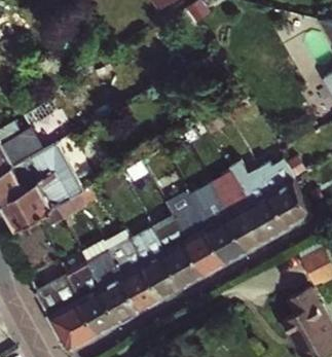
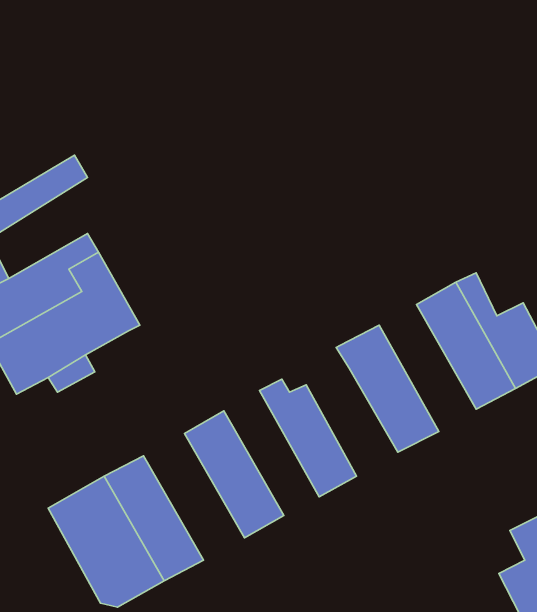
building: [216,182,269,252] -> none
building: [171,210,226,277] -> none
building: [131,229,183,298] -> none
building: [86,253,142,323] -> none

